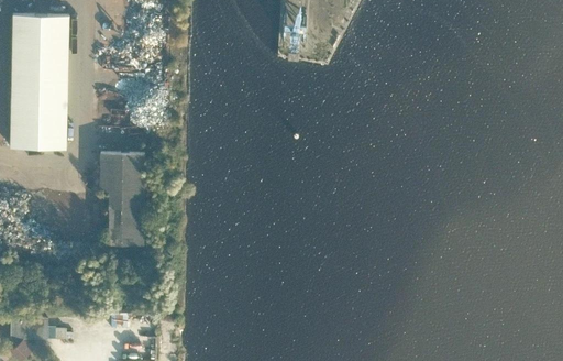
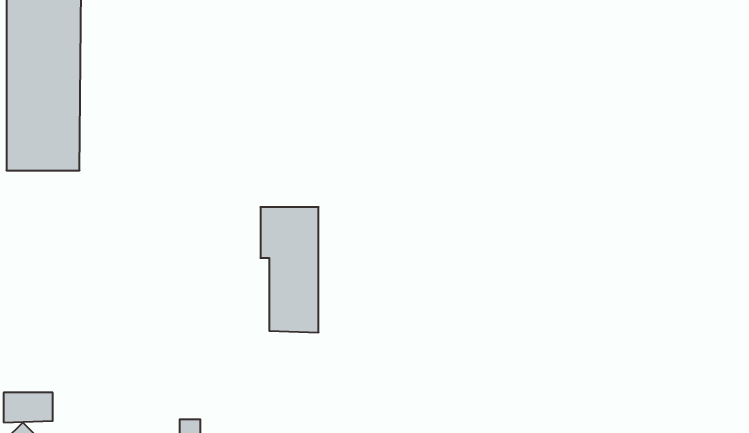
building: [100,149,143,241] -> [260,207,319,332]

